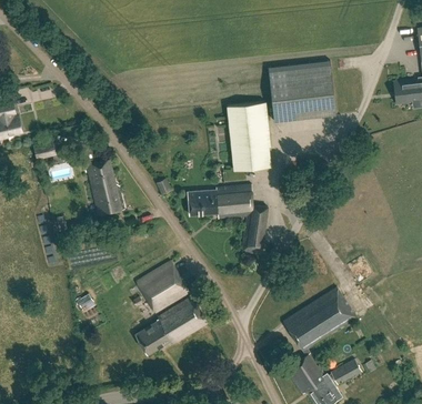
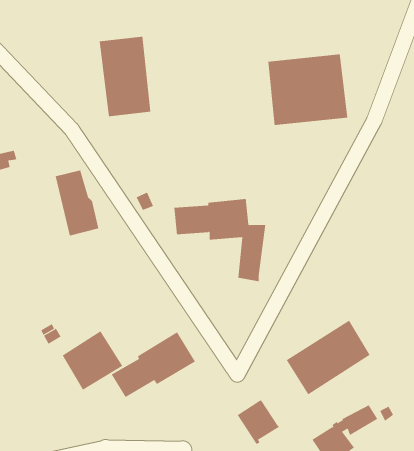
building: [227,101,271,170] -> [99,36,151,117]
building: [137,261,189,312] -> [62,331,123,391]
building: [287,354,323,393] -> [237,399,280,445]

